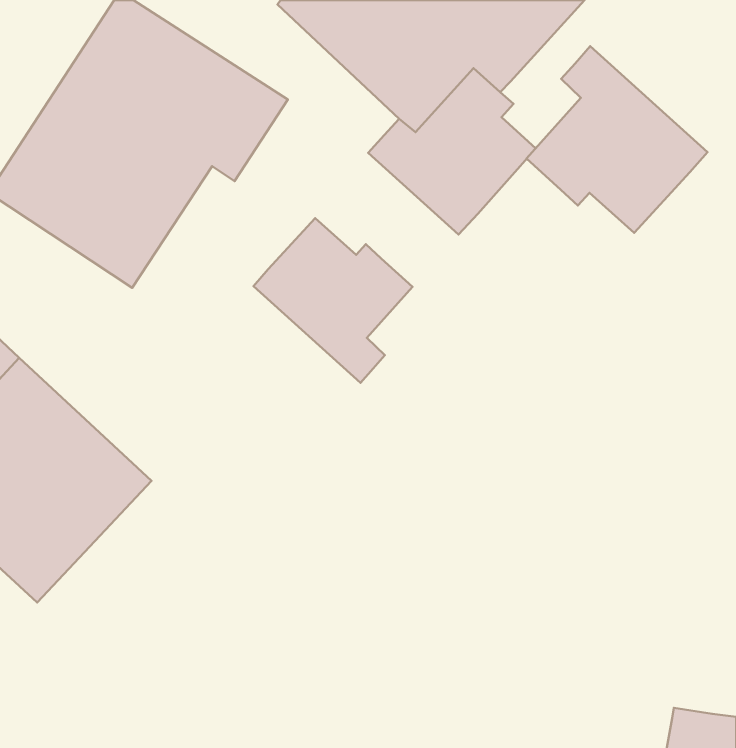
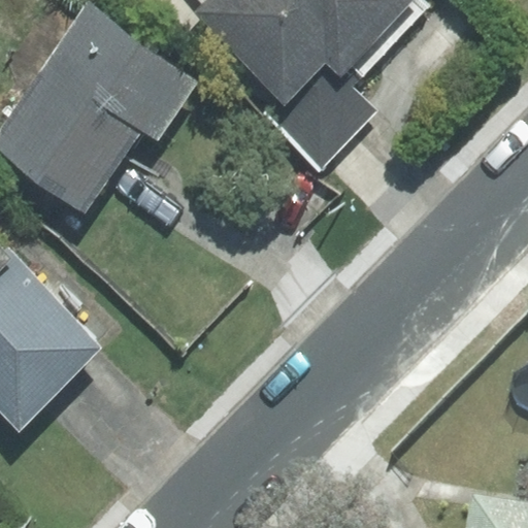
building: [527,46,707,233] -> none
building: [253,218,413,383] -> none

